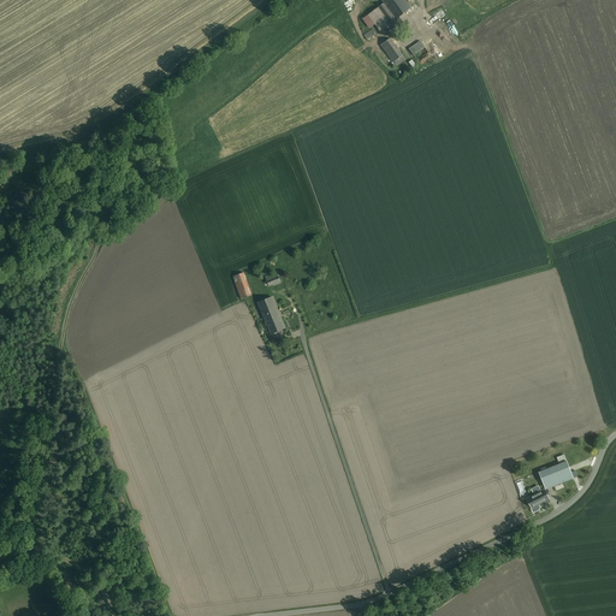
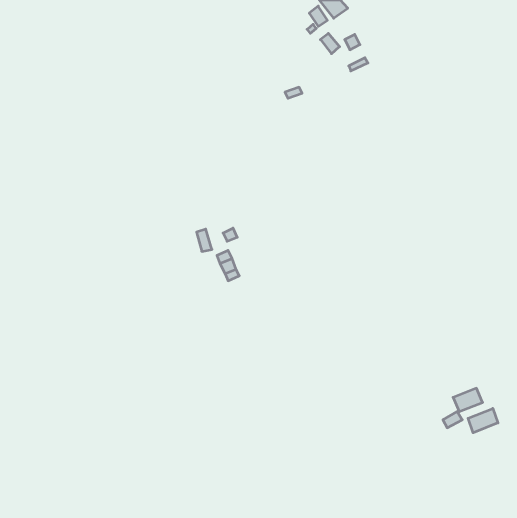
building: none -> [468,408,498,433]

